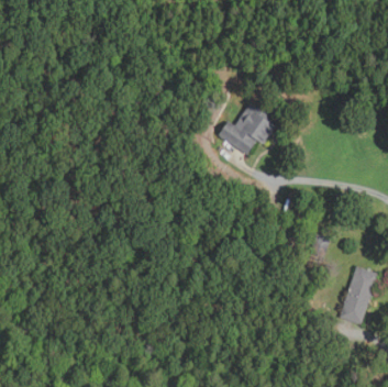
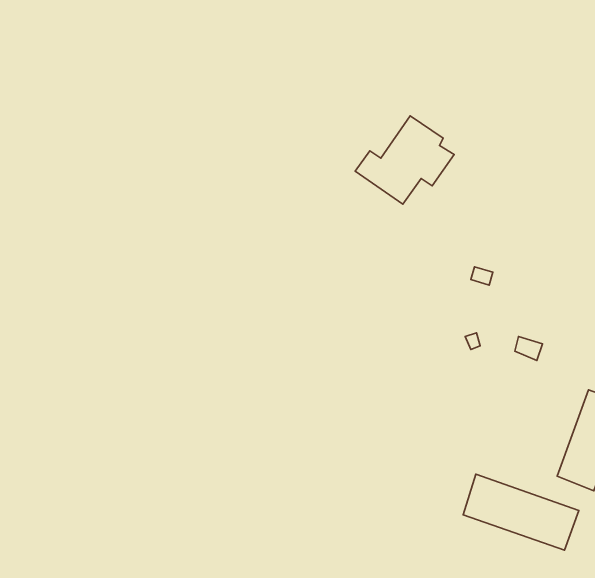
building: none -> [463,474,579,550]

